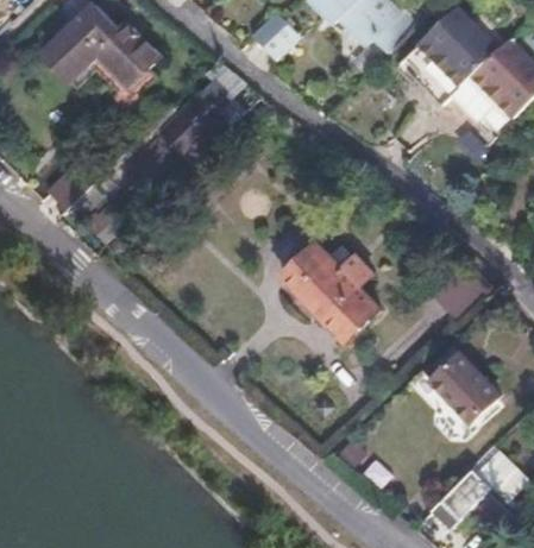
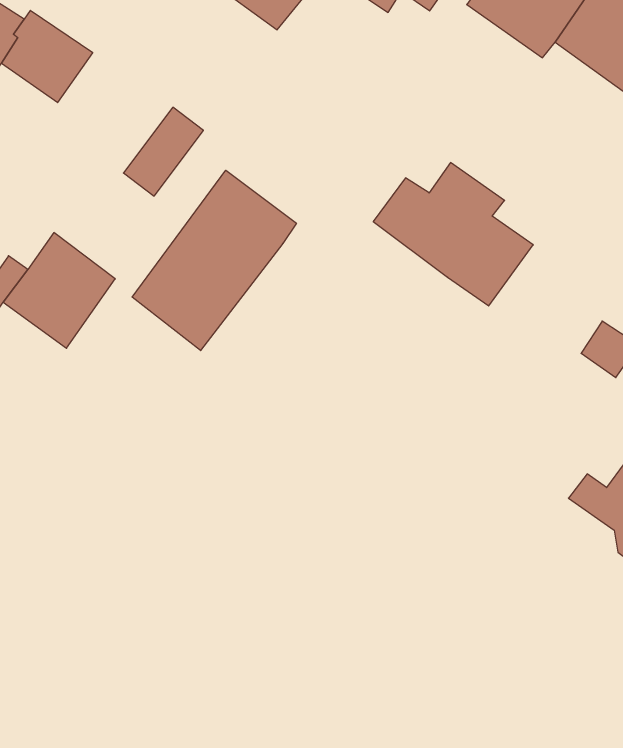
building: none -> [132,170,296,351]
building: [289,239,387,333] -> [373,163,533,306]

